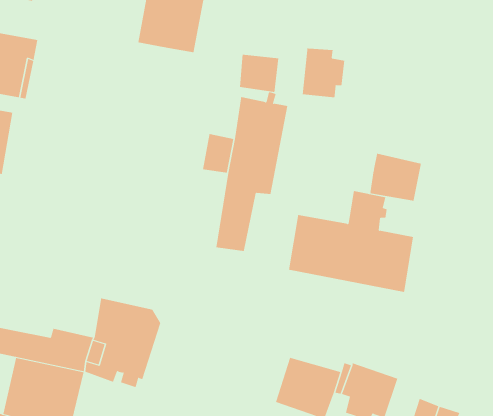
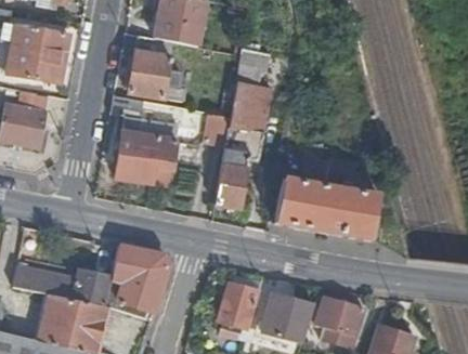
building: none -> [130,34,185,99]
building: [302,47,345,98] -> none
building: none -> [110,93,179,182]
building: [369,153,421,202] -> none
building: none -> [220,285,262,327]

